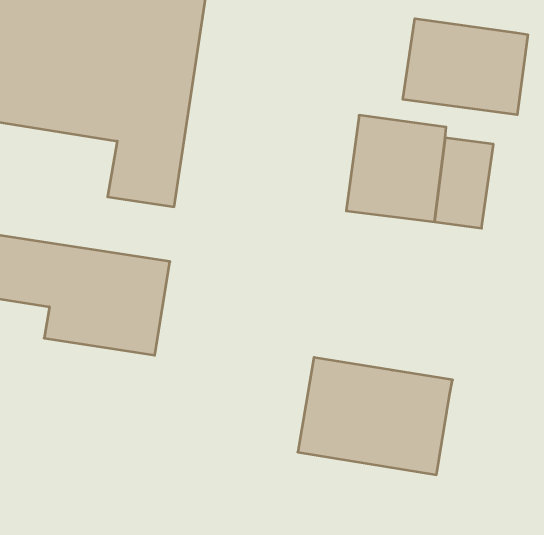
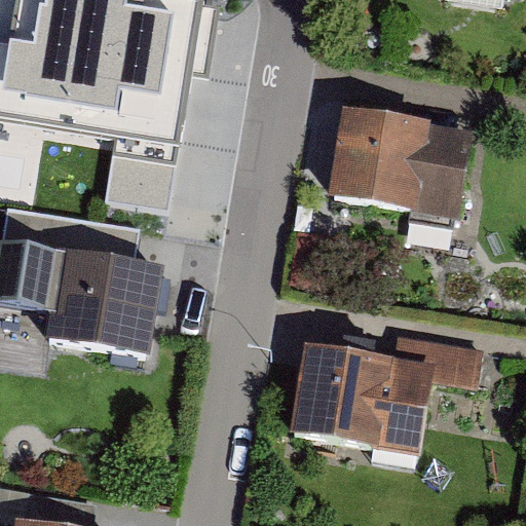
building: [403,19,528,115] -> none
building: none -> [375,327,481,384]

